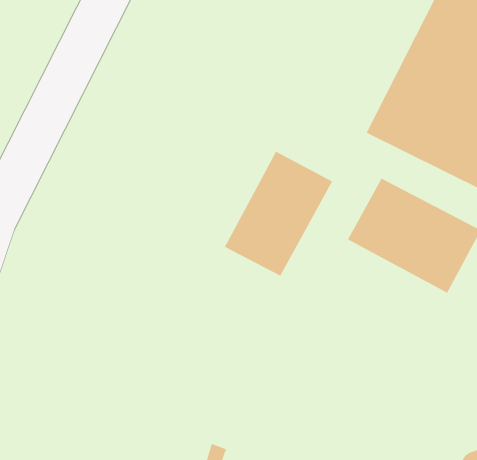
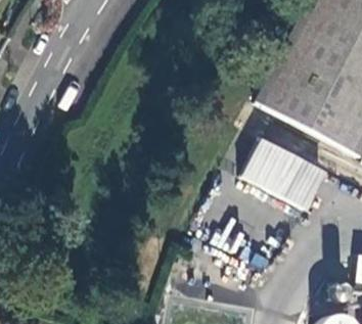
building: [224,151,333,276] -> none

